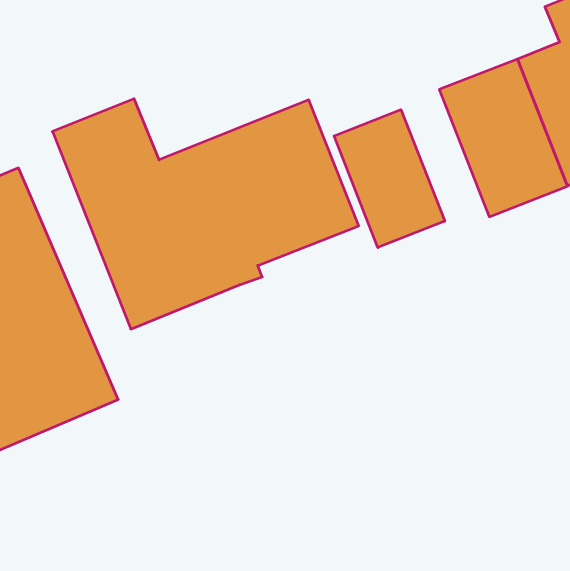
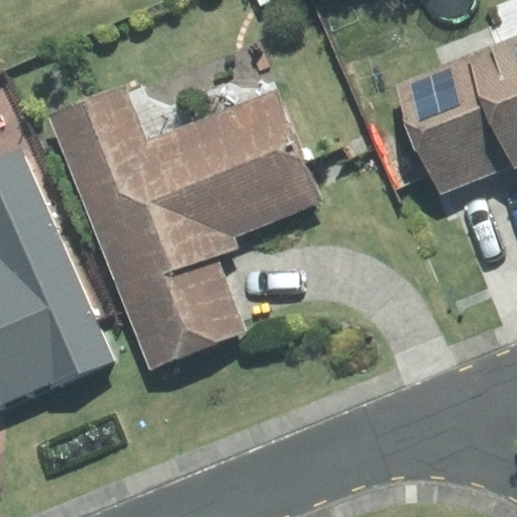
building: [334,110,445,248] -> none
building: none -> [120,254,247,369]

